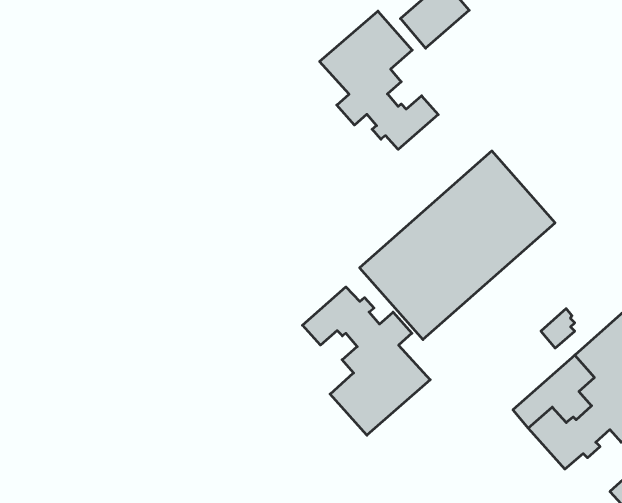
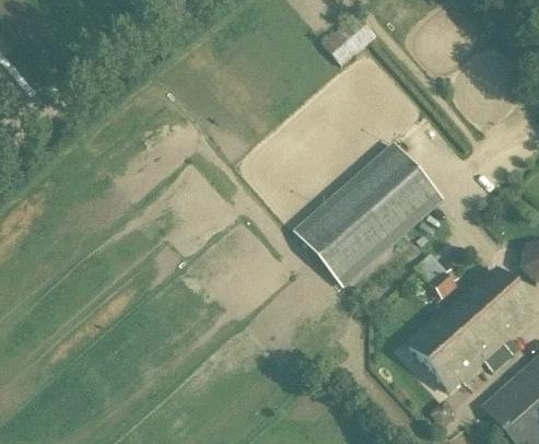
building: [320,11,438,149] -> none
building: [302,287,430,435] -> none

